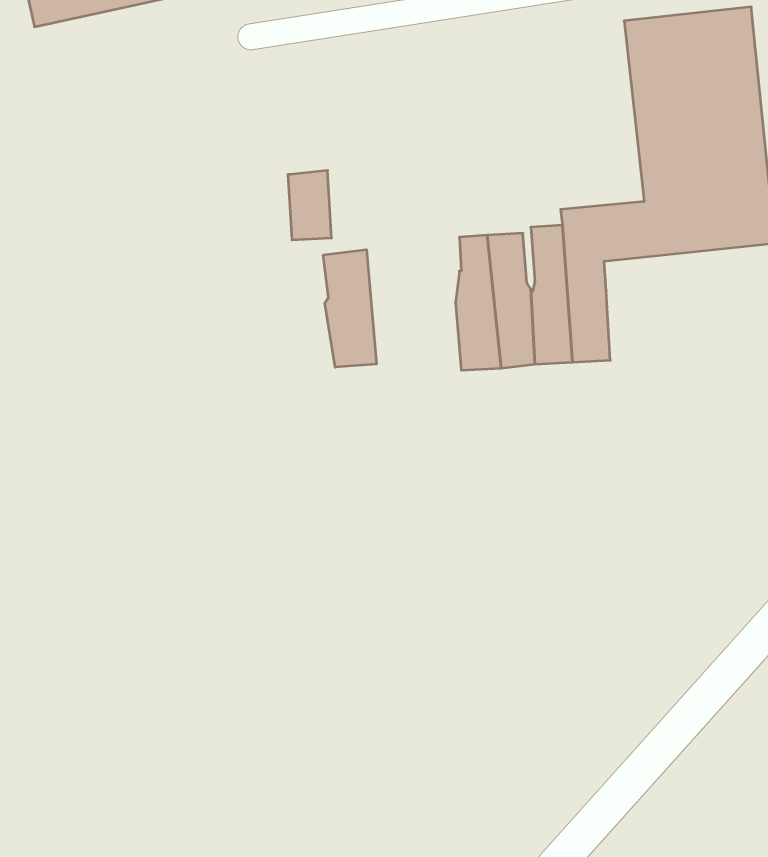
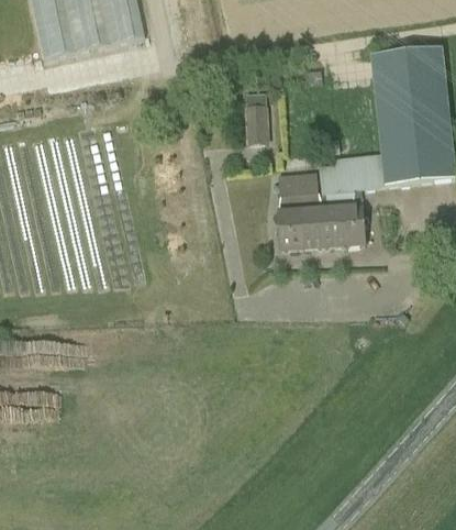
building: [288,170,332,240] -> [245,102,269,141]
building: [323,250,376,367] -> none

